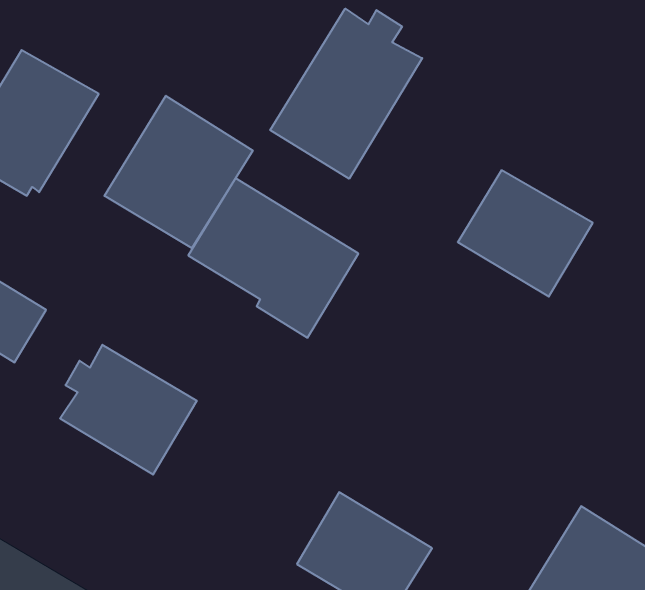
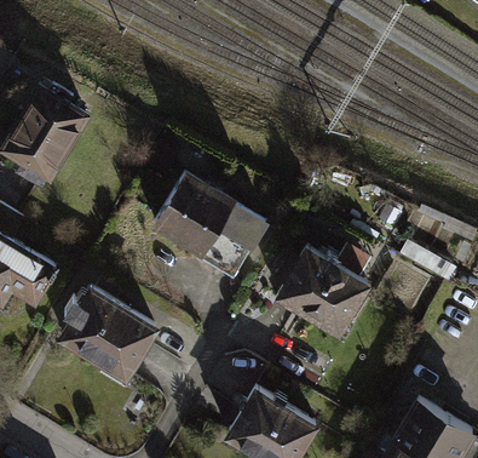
building: [270,9,422,179] -> none
building: [104,96,253,248] -> none
building: [458,170,593,297] -> [278,248,372,336]

